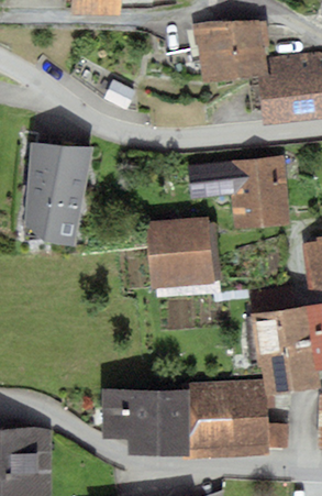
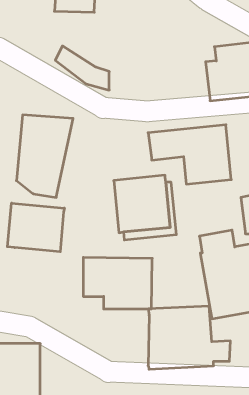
building: [190,20,268,84] -> none
building: none -> [7,203,64,252]
building: [102,390,188,454] -> [83,257,152,309]

